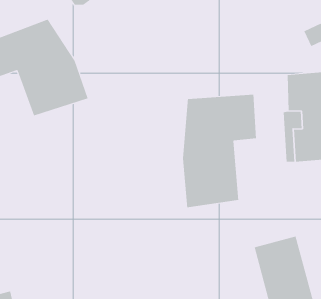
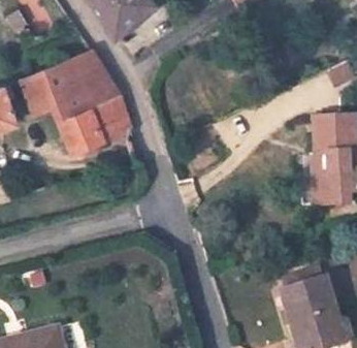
building: [182,94,257,208] -> none

